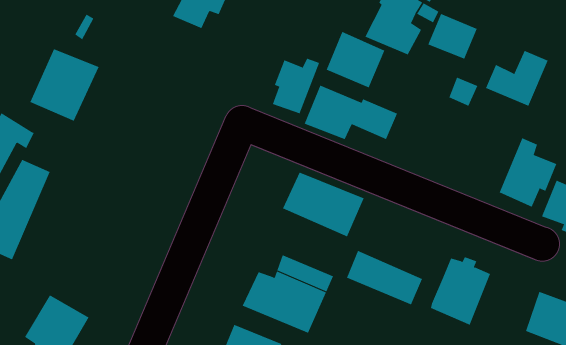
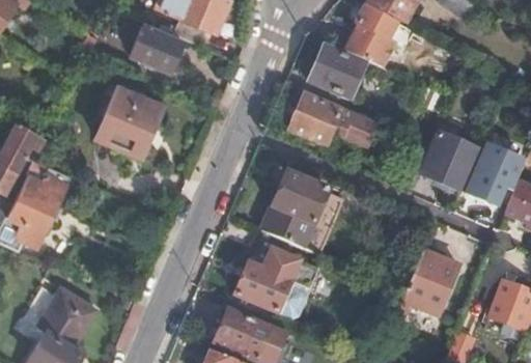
building: none -> [131,24,183,71]
building: [427,13,477,59] -> none
building: [29,48,99,122] -> [100,89,163,156]
building: [485,50,548,106] -> [421,140,478,191]
building: [272,58,320,114] -> none
building: [346,250,423,305] -> [259,206,329,256]

